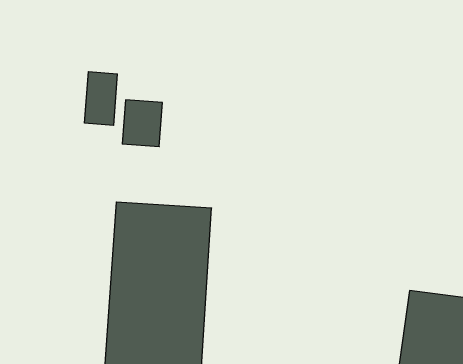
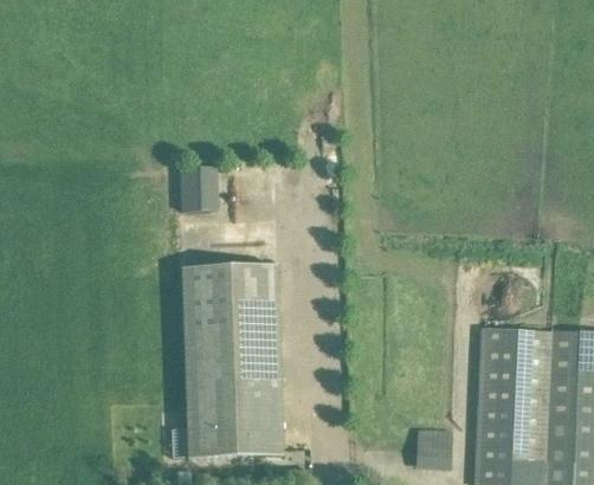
building: [85,72,117,125] -> none

